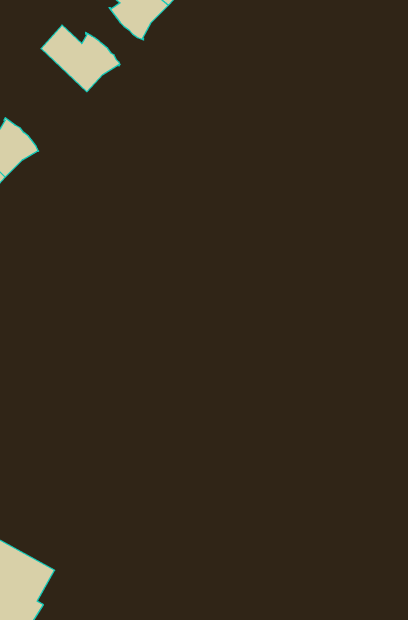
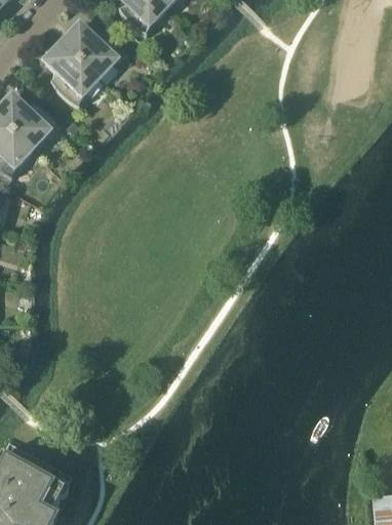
building: none -> [41,46,96,111]

